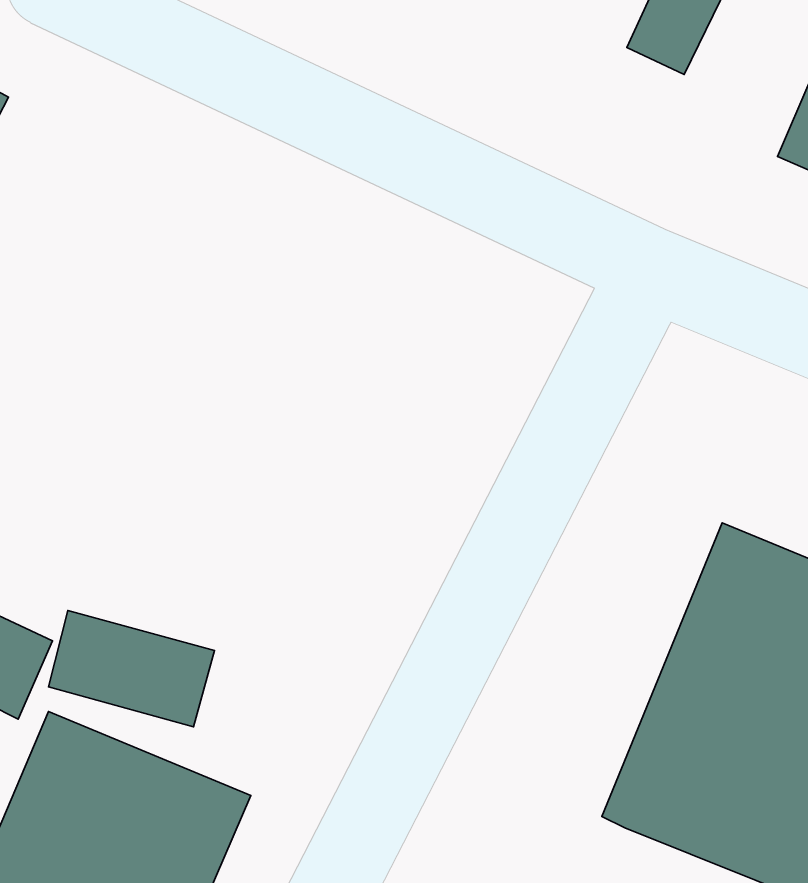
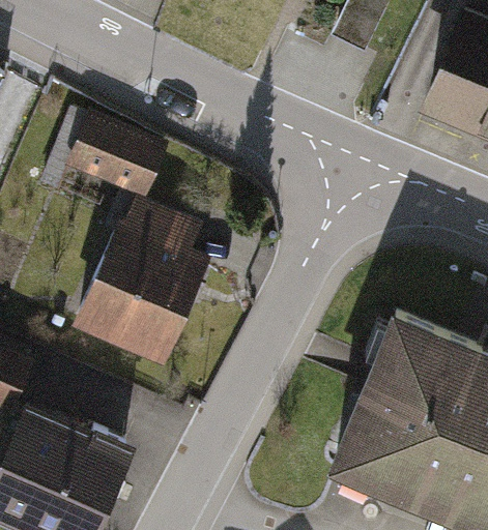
building: none -> [74,125,165,201]
building: none -> [67,211,212,374]

